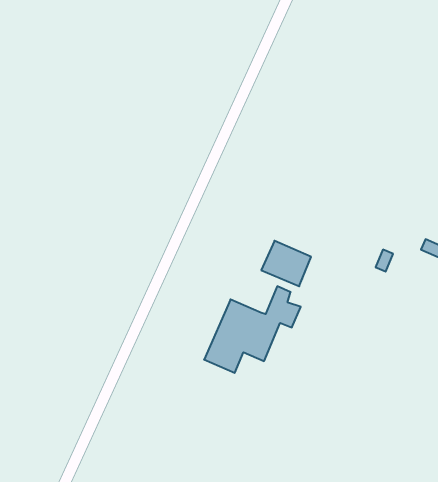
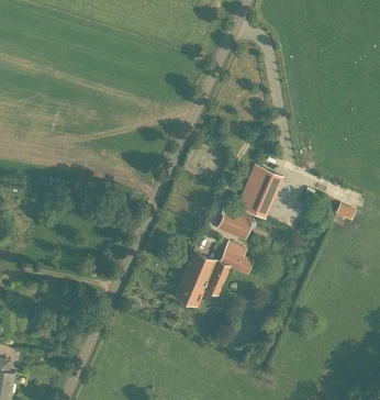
building: none -> [236,164,284,219]

